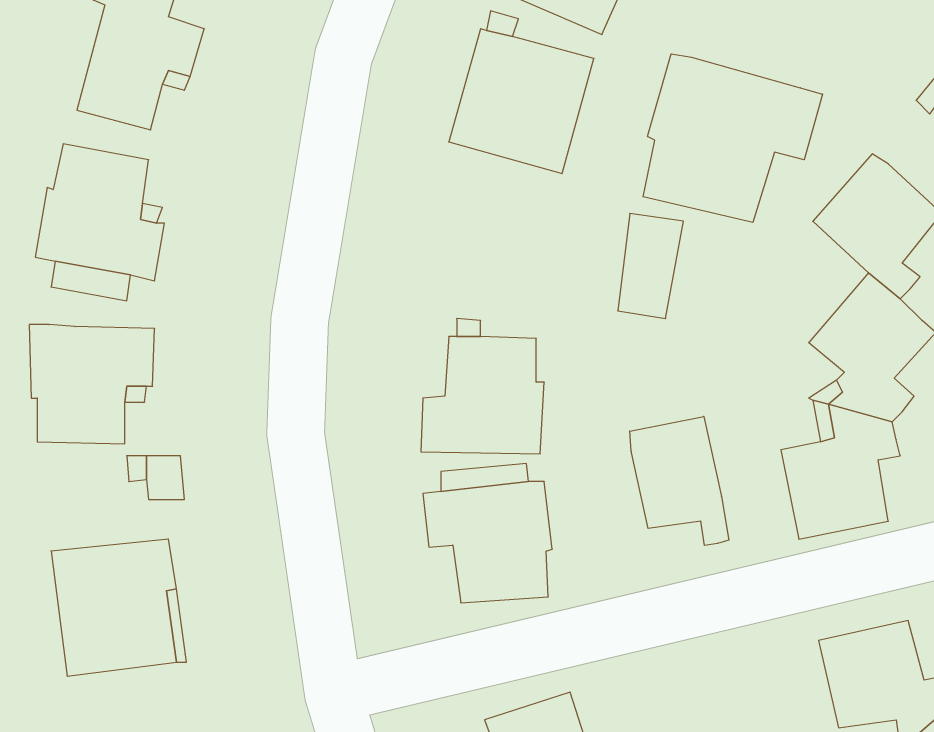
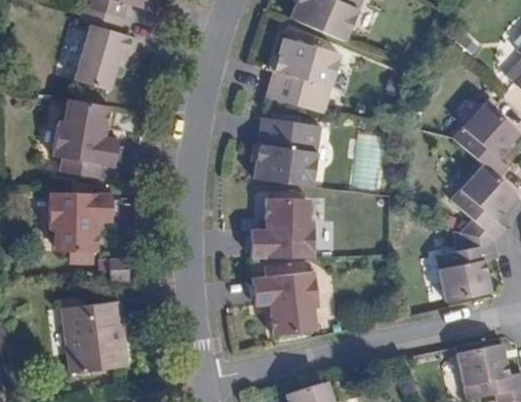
building: [643,54,823,222] -> none
building: none -> [251,117,320,186]
building: [630,416,729,545] -> none

